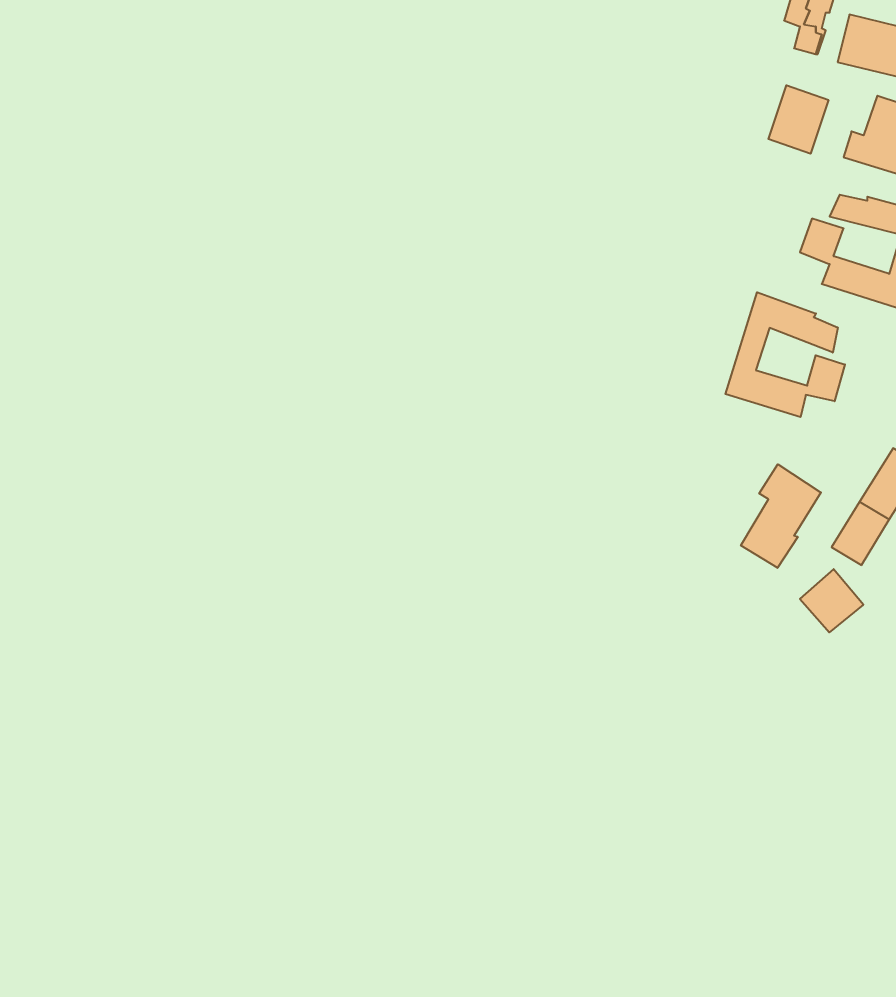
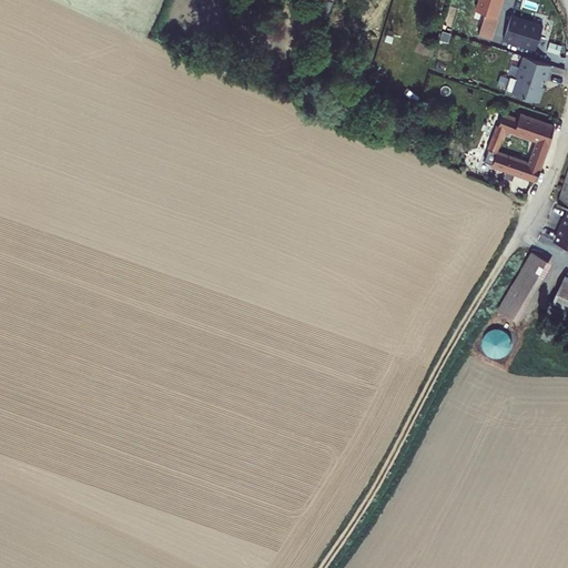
building: [768,85,828,154] -> none
building: [725,292,845,417] -> none
building: [741,464,821,568] -> none

